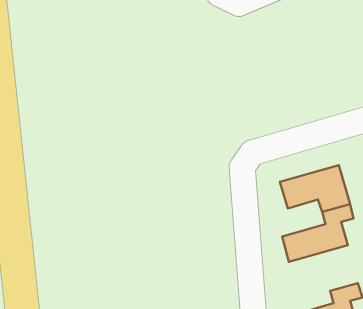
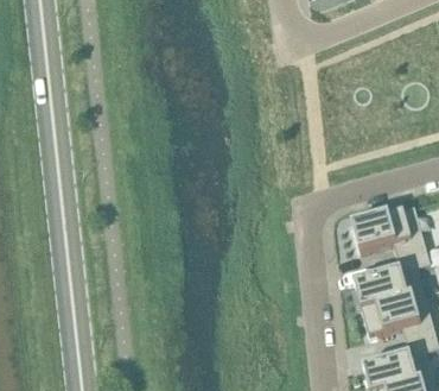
building: none -> [352,289,426,338]

